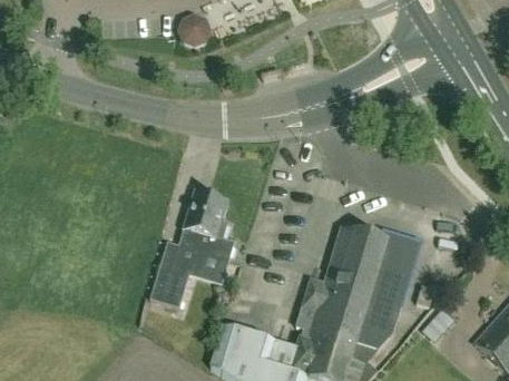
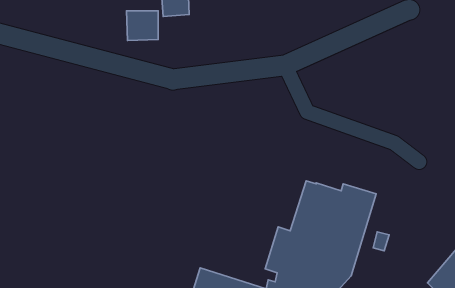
building: none -> [127,11,158,40]
building: [150,192,235,306] -> none

